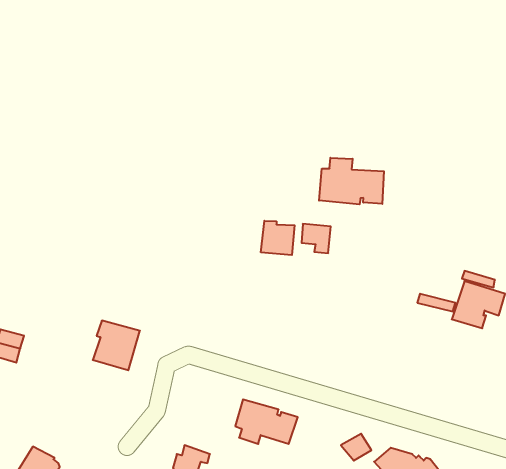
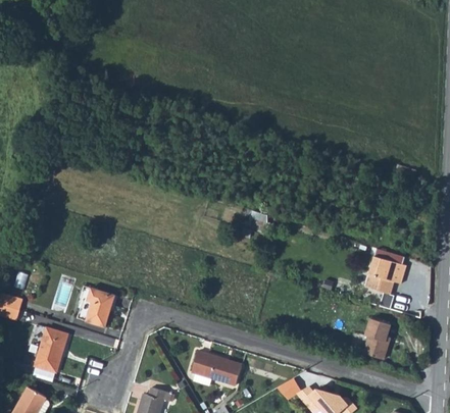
building: [319,158,384,204] -> none
building: [261,221,295,255] -> none
building: none -> [365,318,391,359]
building: none -> [36,327,68,372]

